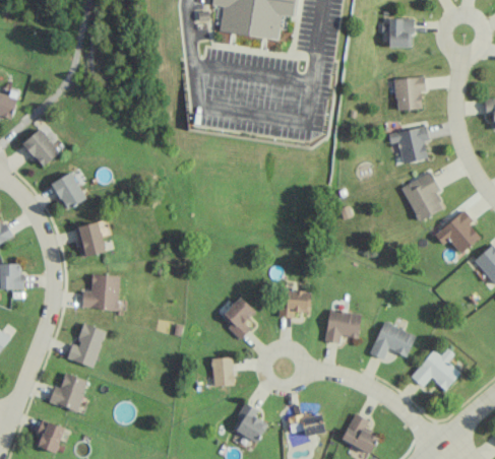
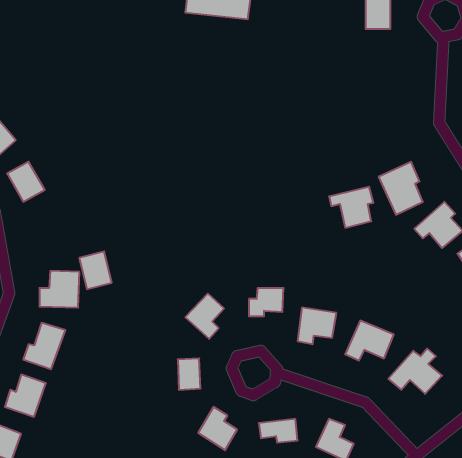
building: [394,77,425,111] -> none
building: [387,126,429,165] -> [329,187,373,228]
building: [74,222,105,258] -> [79,251,112,289]

